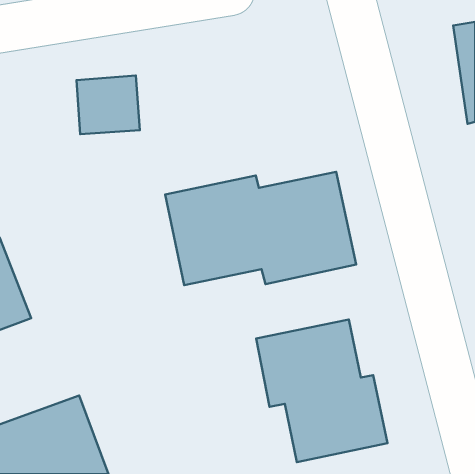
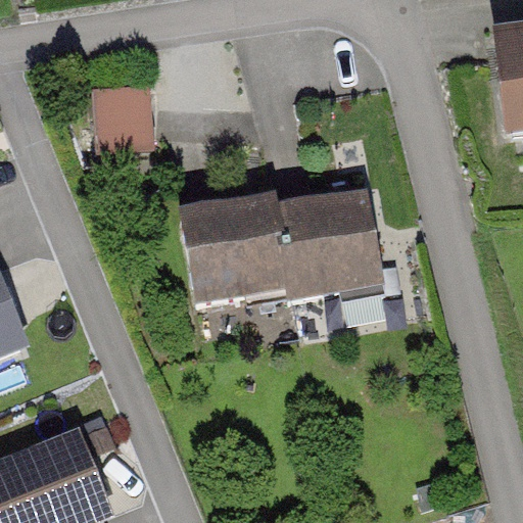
building: [256,319,387,462] -> none

